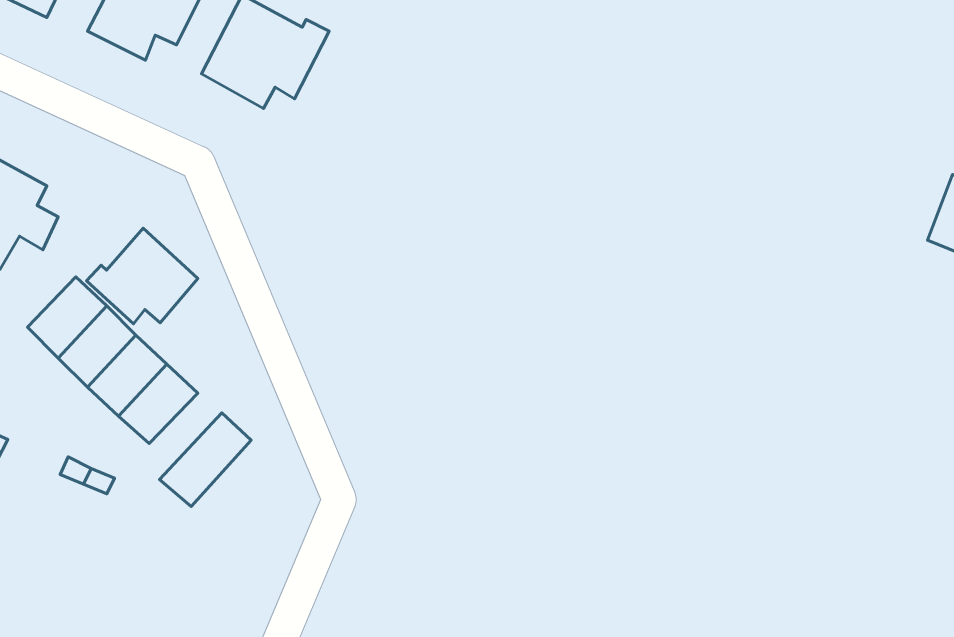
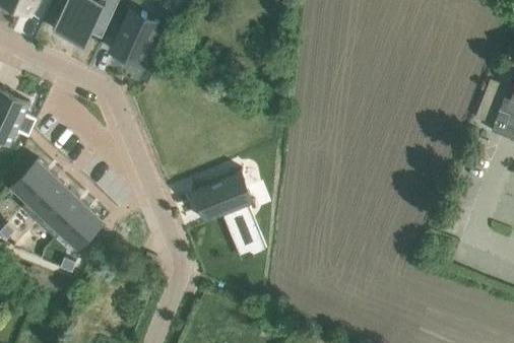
building: [87,228,198,324] -> none
building: none -> [190,169,256,244]
building: [159,413,251,506] -> none

